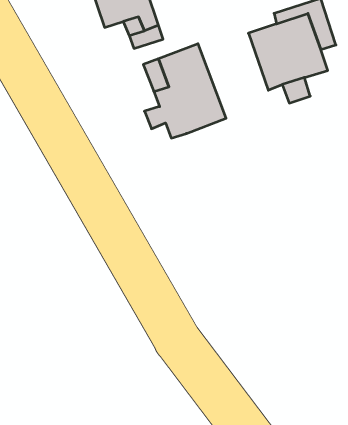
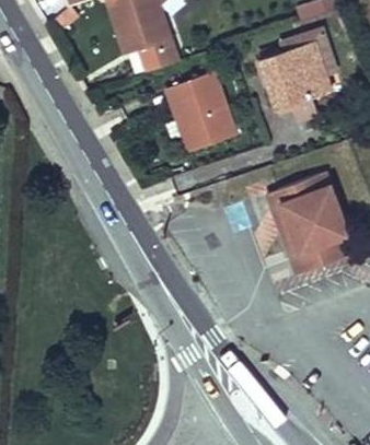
building: none -> [269,181,345,282]

